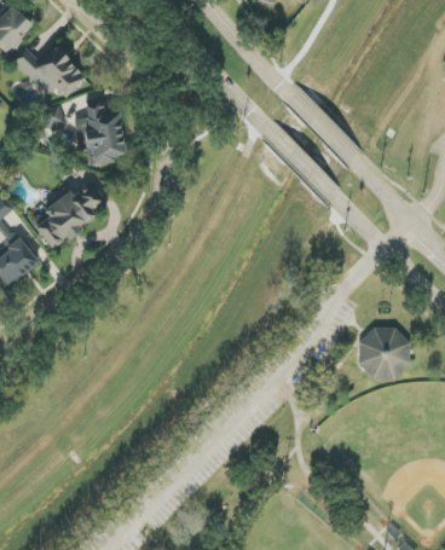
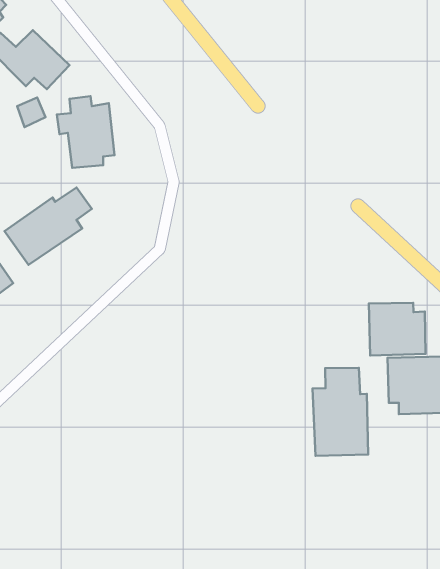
building: none -> [369,303,426,355]
building: none -> [312,368,368,456]

